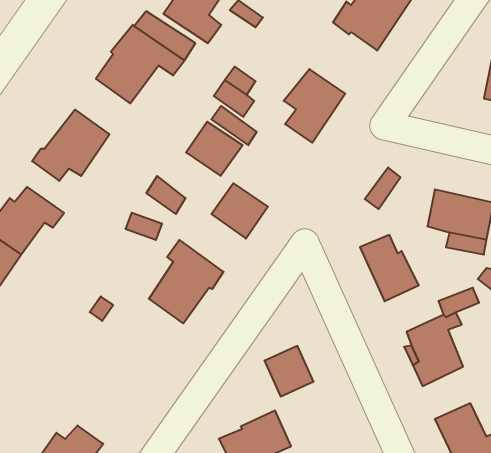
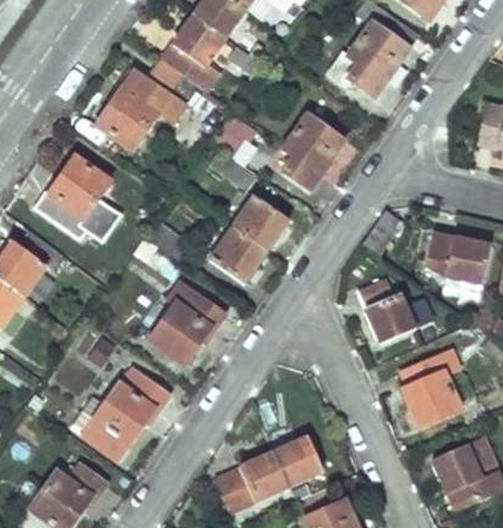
building: [186,122,243,176] -> [233,196,288,250]
building: none -> [75,363,166,458]
building: [264,346,314,396] -> [274,435,322,485]

